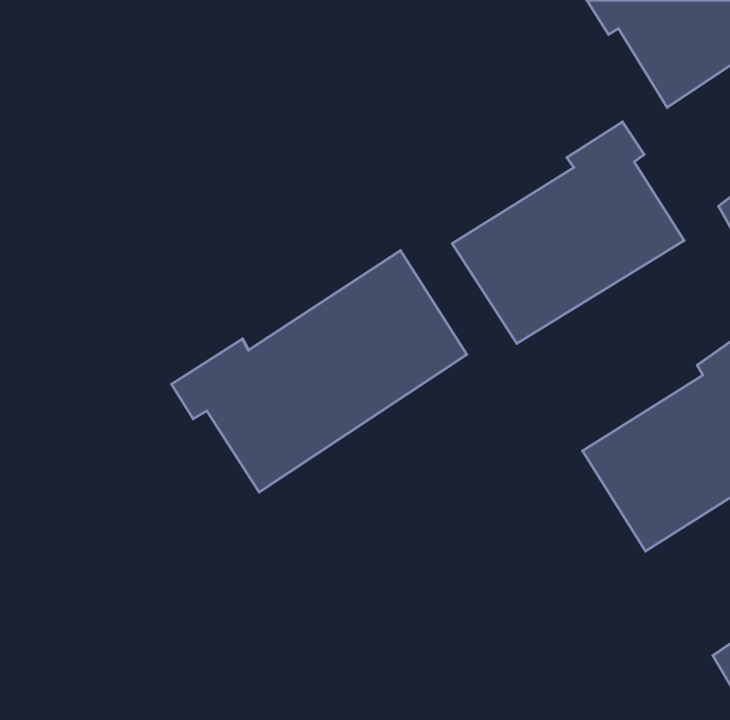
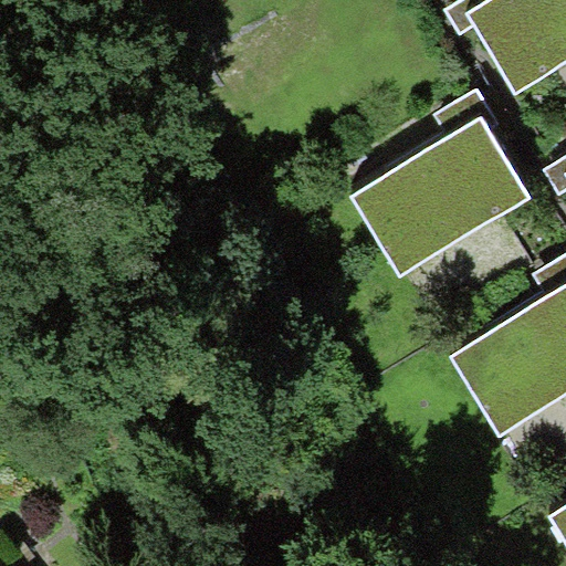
building: [172,250,467,492] -> none

